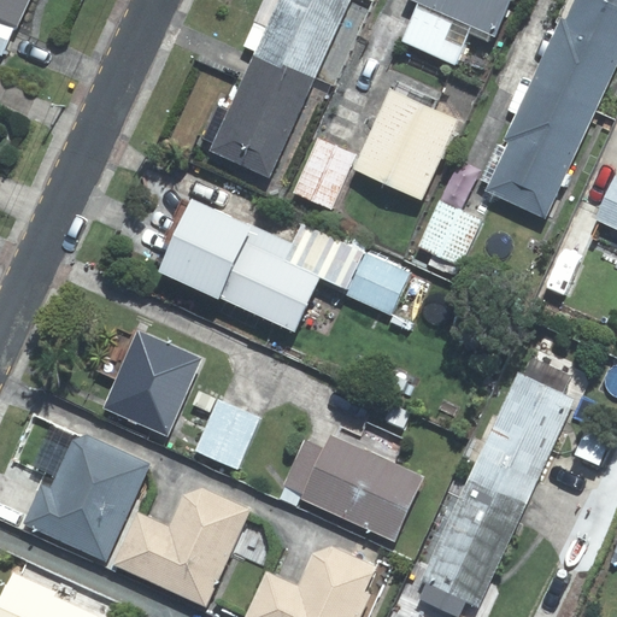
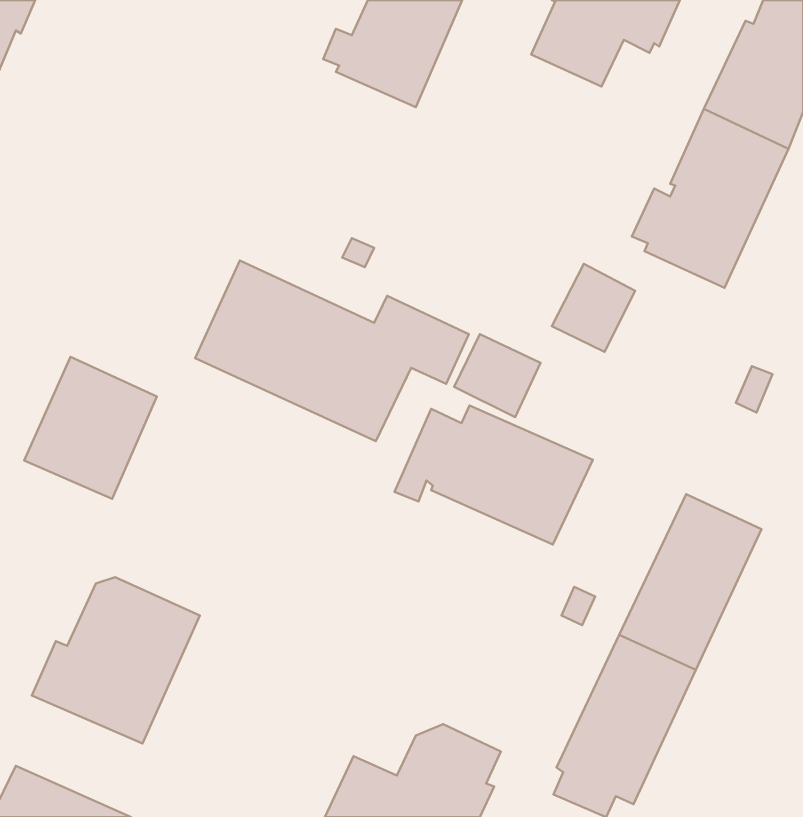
building: [201,54,313,177] -> none
building: [358,89,459,198] -> none
building: [292,137,353,208] -> none
building: [102,328,202,435] -> [24,357,157,499]
building: [192,399,257,469] -> none
building: [275,435,424,540] -> [394,405,593,545]
building: [113,487,258,606] -> none

